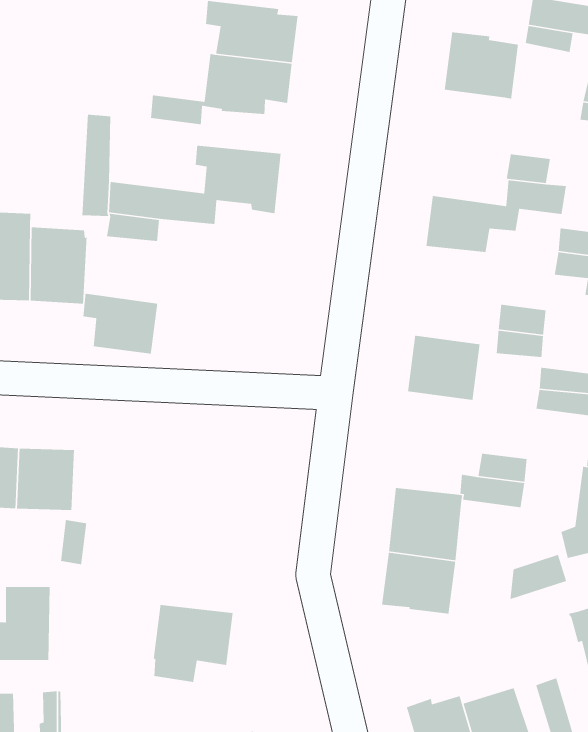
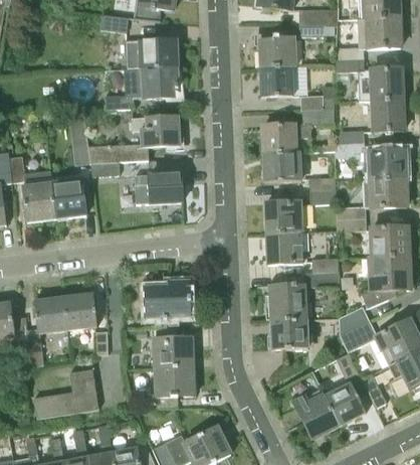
building: none -> [259,66,293,98]
building: none -> [263,151,304,181]
building: [83,293,158,355] -> [141,173,182,202]
building: none -> [266,231,302,264]
building: none -> [144,281,192,318]
building: none -> [152,327,193,368]
building: none -> [340,320,377,352]

